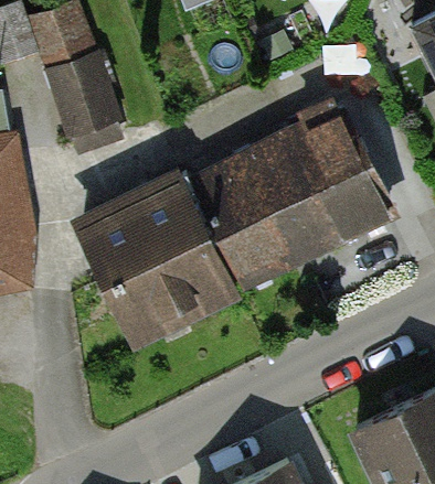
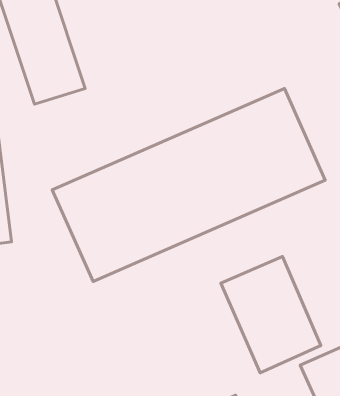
building: none -> [221,256,321,373]

